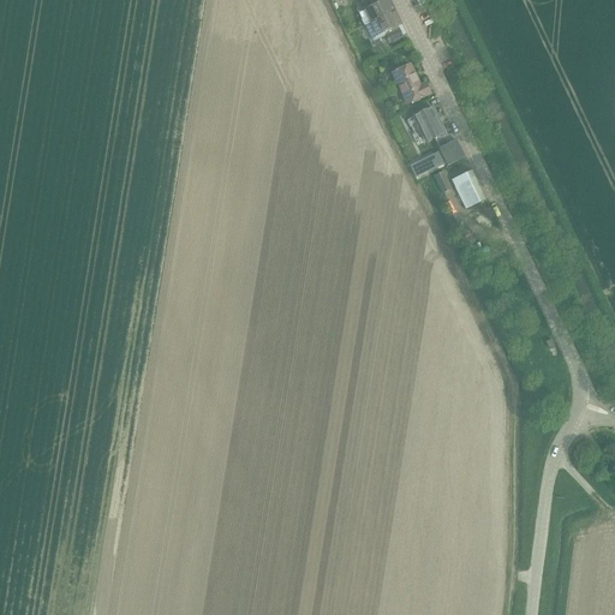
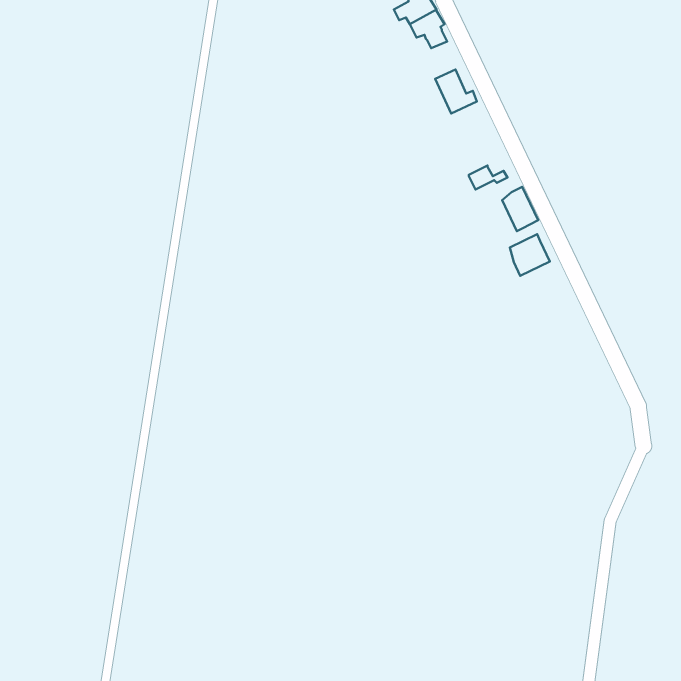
building: [411,105,444,141] -> none
building: none -> [510,234,550,276]

